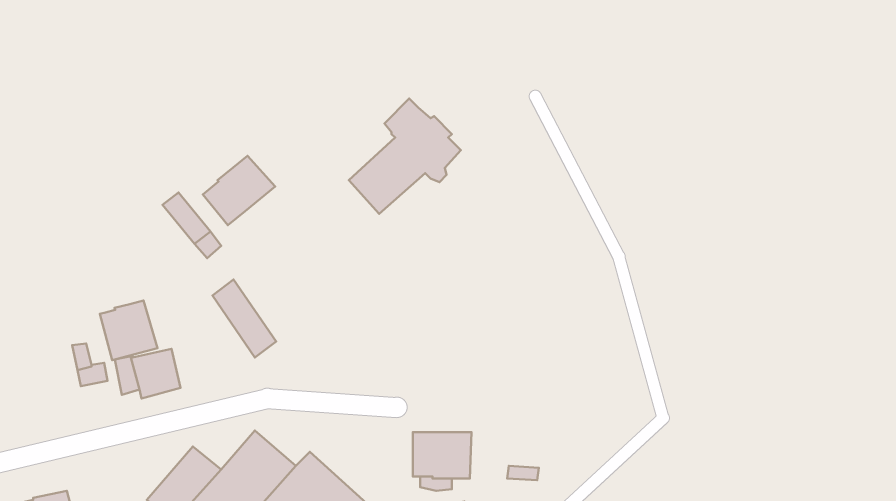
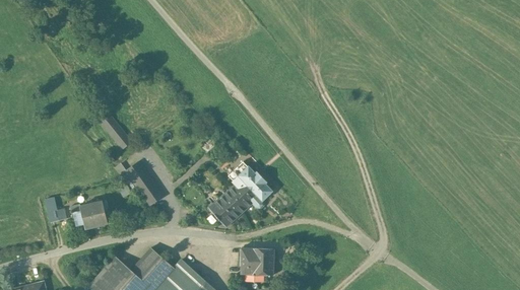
building: [349,99,461,214] -> [208,161,272,227]
building: [203,156,275,225] -> none
building: [100,300,158,360] -> none

